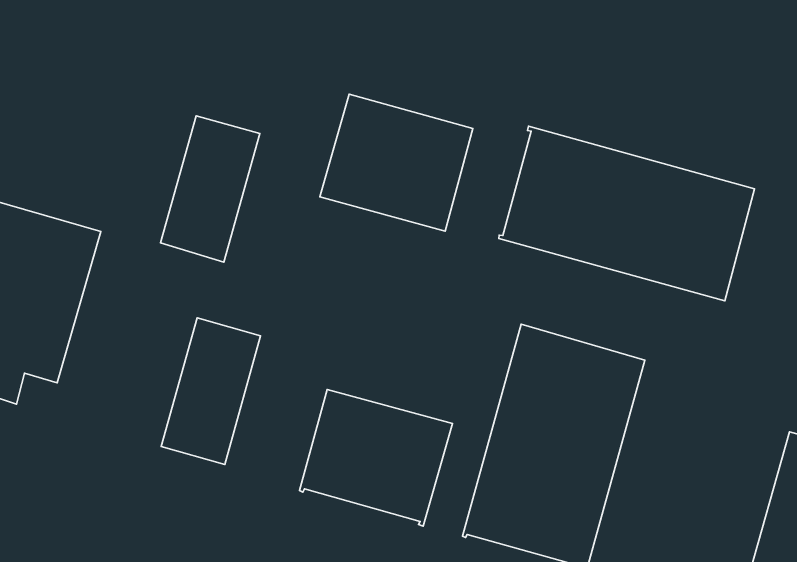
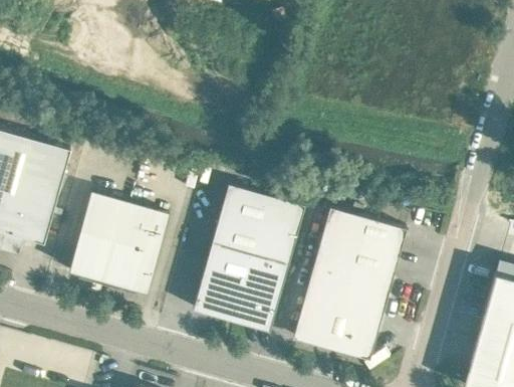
building: [320,94,473,231] -> [210,185,304,269]
building: [160,116,260,262] -> [68,193,130,283]
building: [499,126,754,301] -> none

